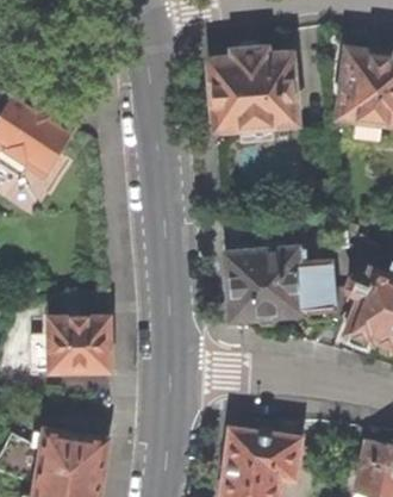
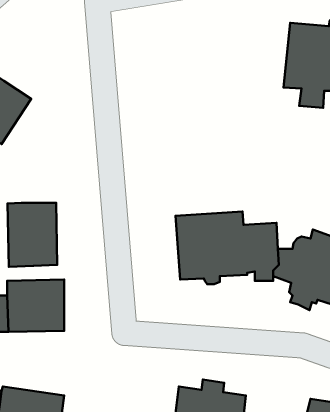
building: [212,41,297,142] -> none
building: none -> [8,203,57,267]

